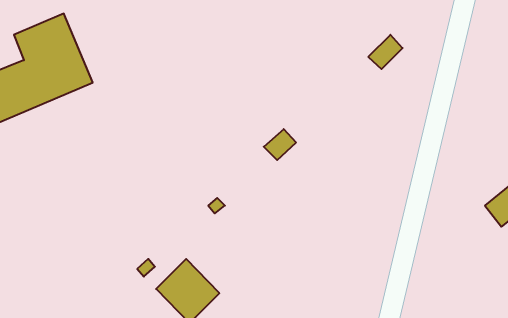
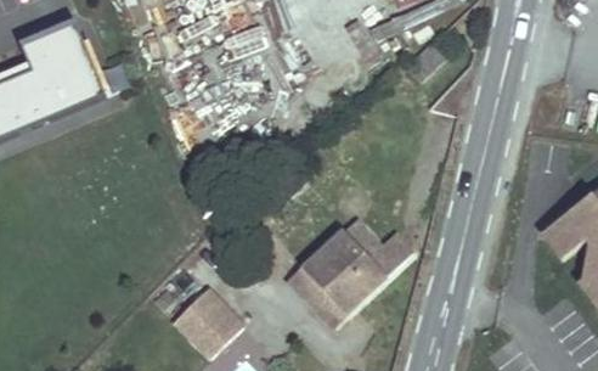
building: none -> [292,218,414,325]

